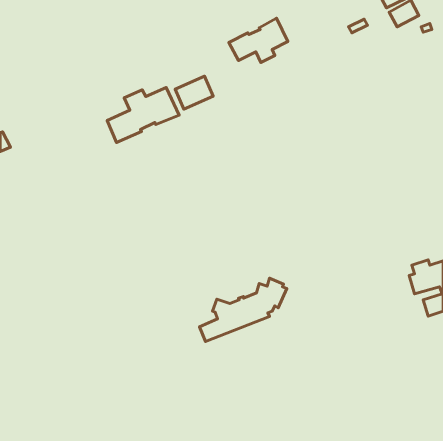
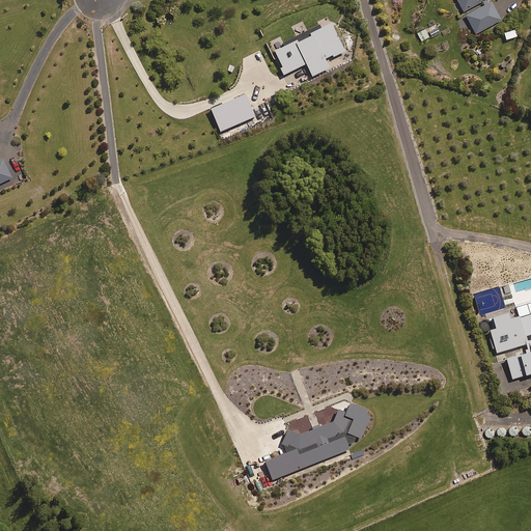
building: [107,87,179,143] -> none
building: [199,278,287,342] -> [266,402,370,478]

